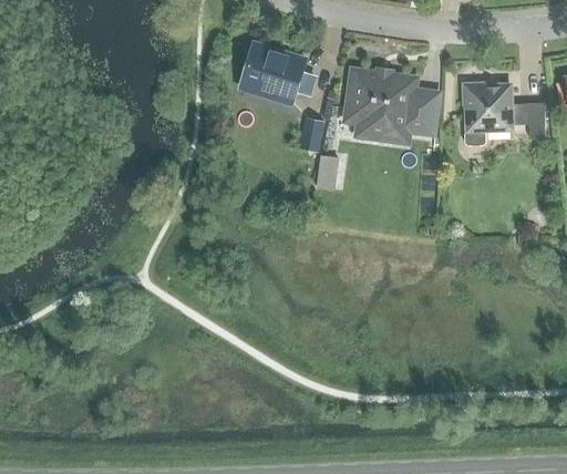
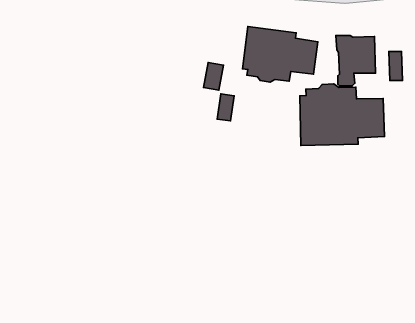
building: [239,44,312,102] -> none
building: none -> [300,84,384,146]

